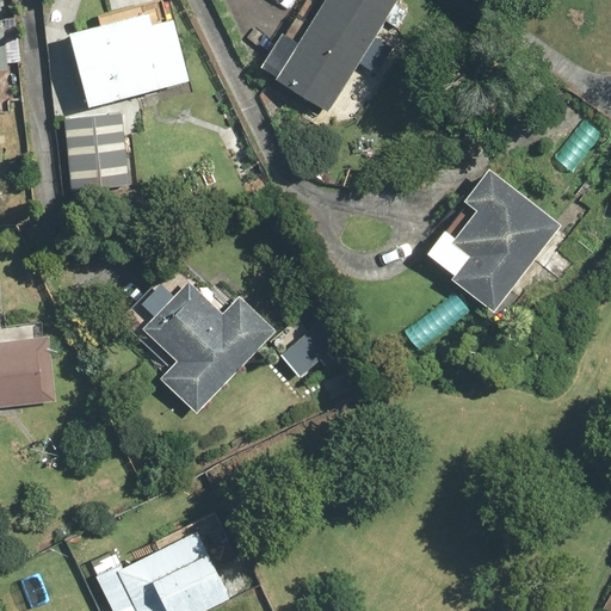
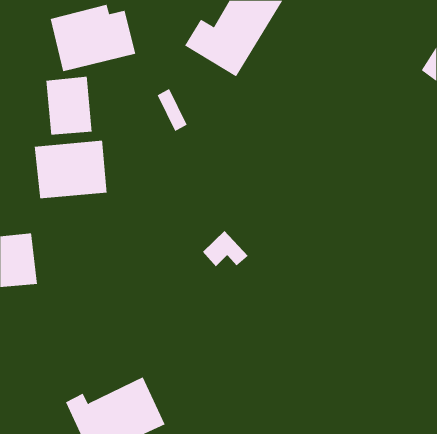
building: [426,172,558,314] -> none
building: none -> [34,140,107,199]
building: [141,274,276,414] -> none

